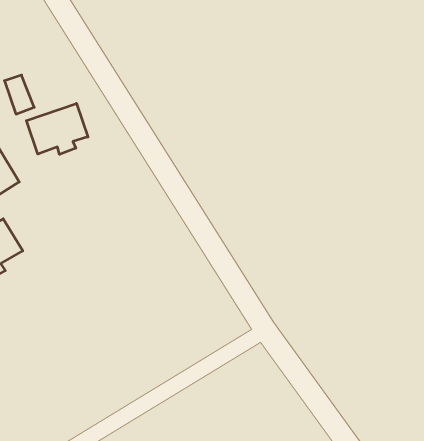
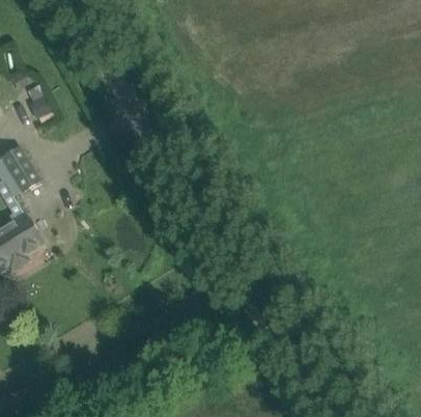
building: [26,103,88,154] -> none

